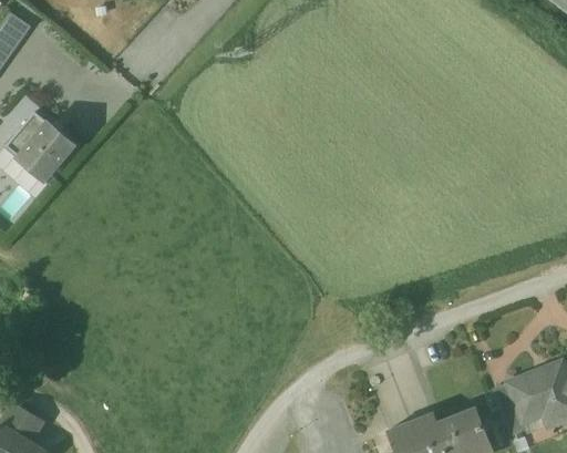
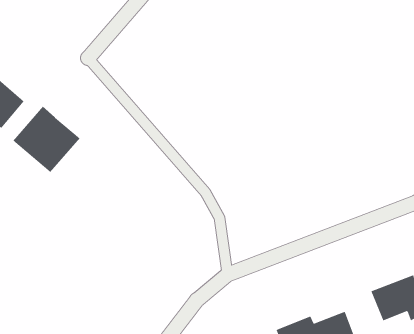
building: none -> [12,106,80,173]

